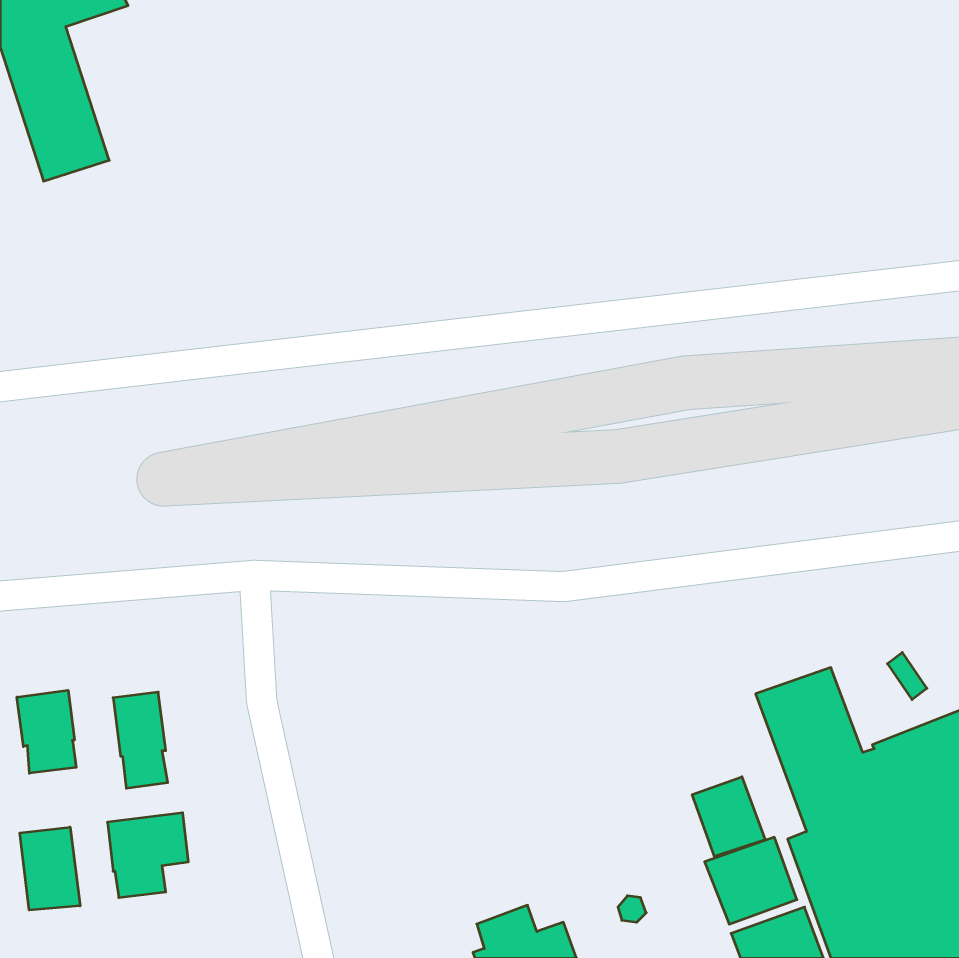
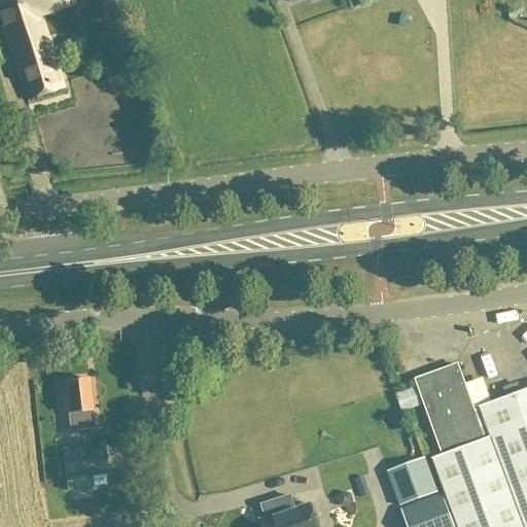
building: [17,690,76,773] -> none
building: [692,777,765,856] -> none
building: [20,827,80,910] -> none

